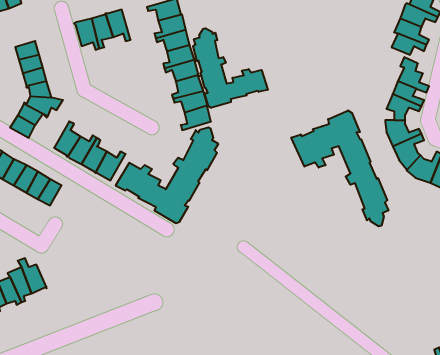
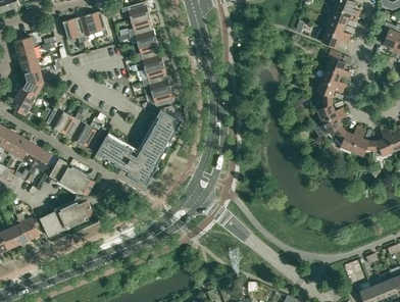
building: [193,28,268,108] -> none
building: [291,110,388,226] -> none
building: none -> [49,158,93,194]
building: none -> [40,199,91,237]

